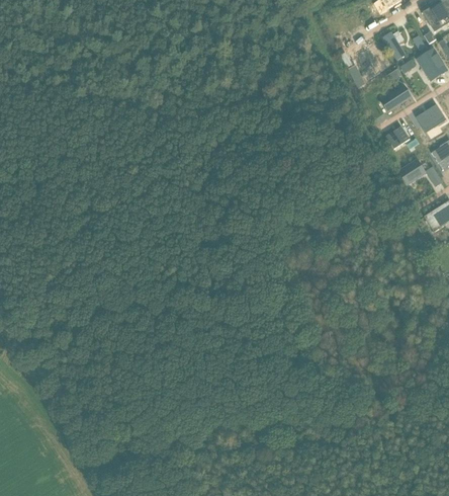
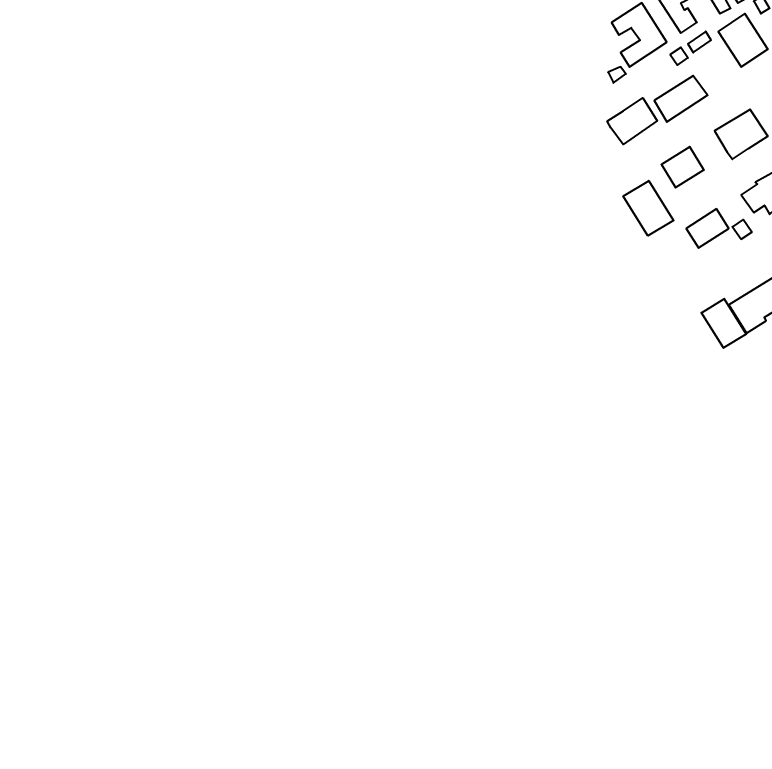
building: none -> [607,98,657,144]
building: none -> [623,181,674,236]
building: none -> [701,299,746,348]

